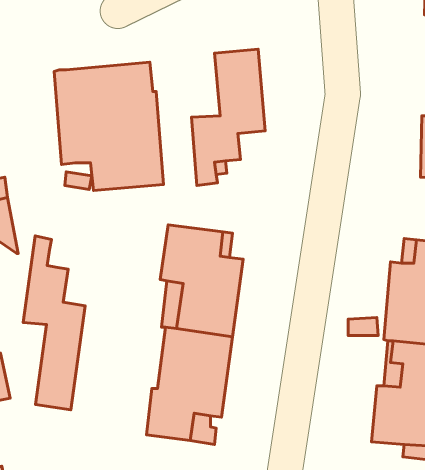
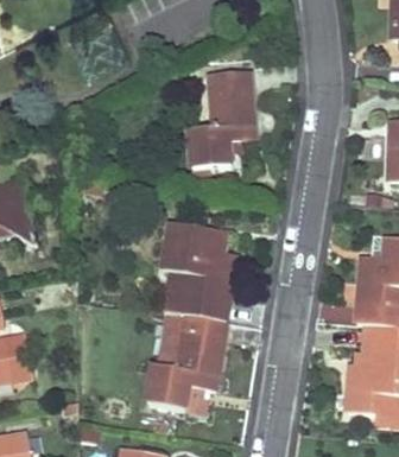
building: [54,62,164,191] -> none
building: [23,236,85,410] -> none

